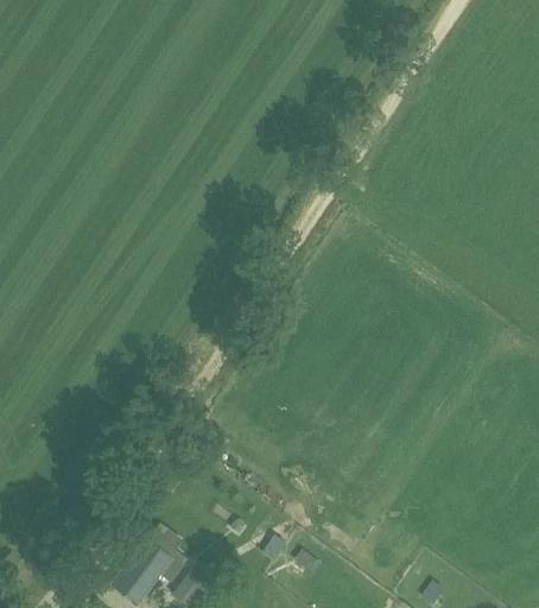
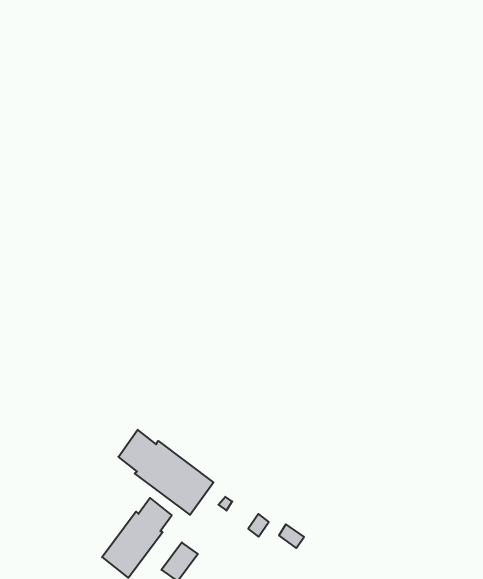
building: none -> [118,430,213,515]

